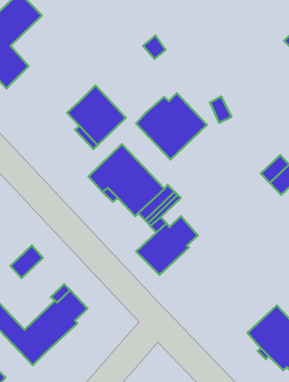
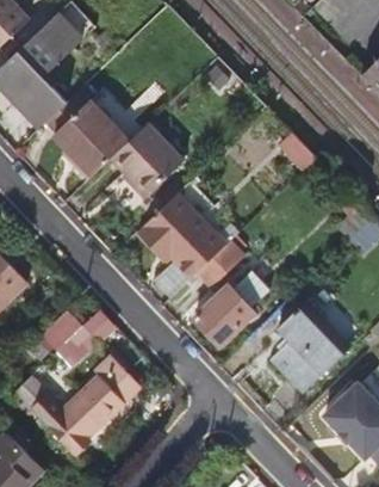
building: none -> [45,91,126,175]
building: [136,93,207,160] -> none
building: none -> [269,307,346,395]

